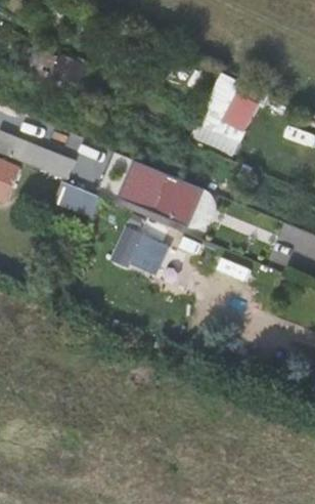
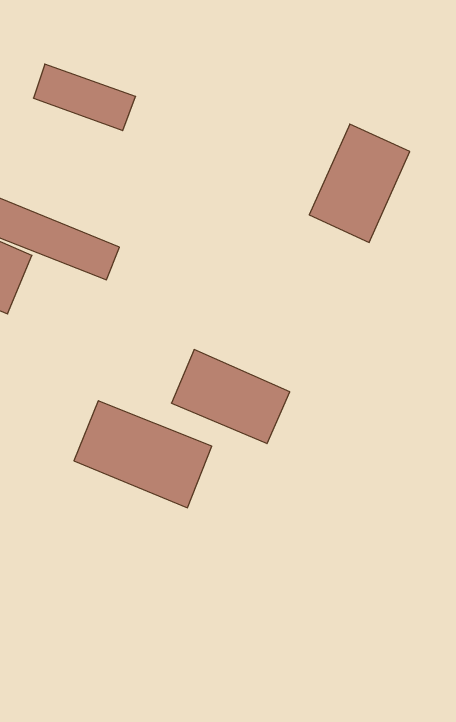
building: [117,160,204,227] -> [74,401,212,508]
building: [52,180,100,218] -> none

